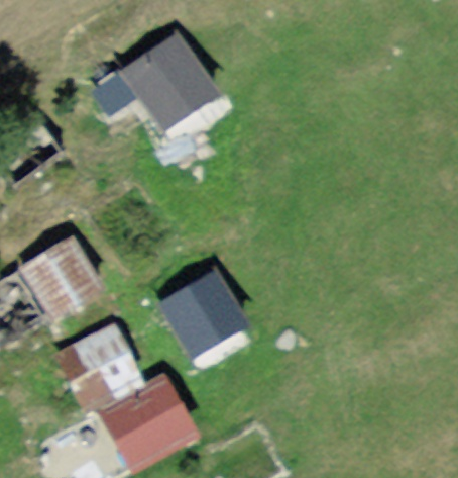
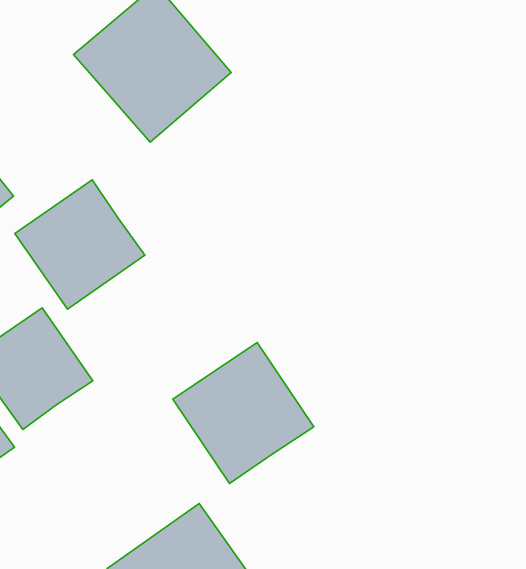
building: none -> [15,180,145,309]
building: [58,319,143,402] -> none

